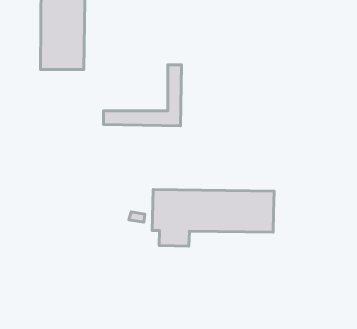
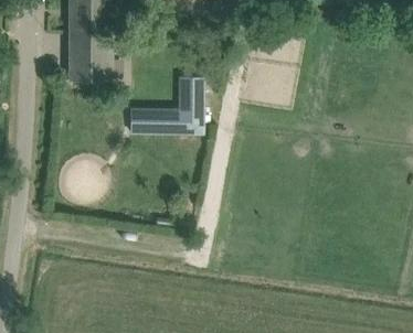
building: [152,189,274,246] -> none

